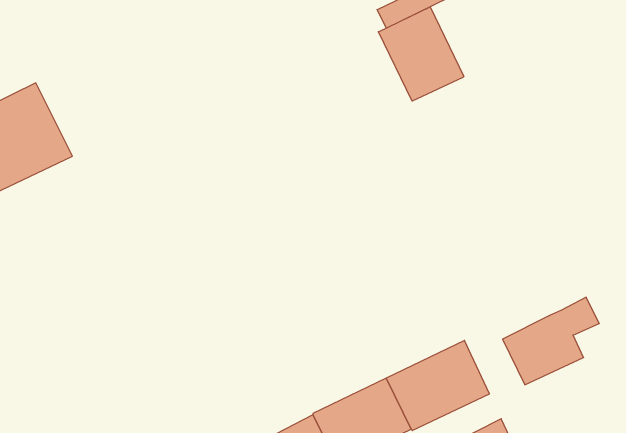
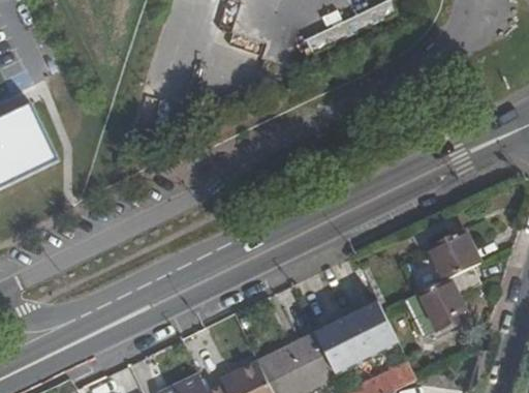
building: [378,7,464,101] -> none
building: none -> [427,232,479,282]

